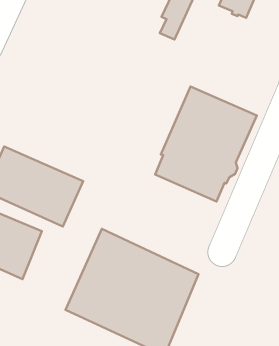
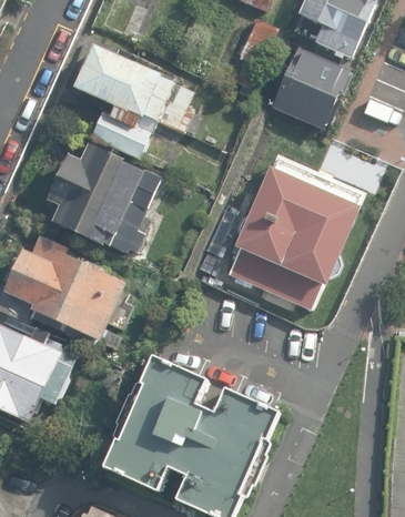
building: none -> [270,41,352,132]
building: none -> [71,43,193,161]
building: none -> [42,142,160,252]

